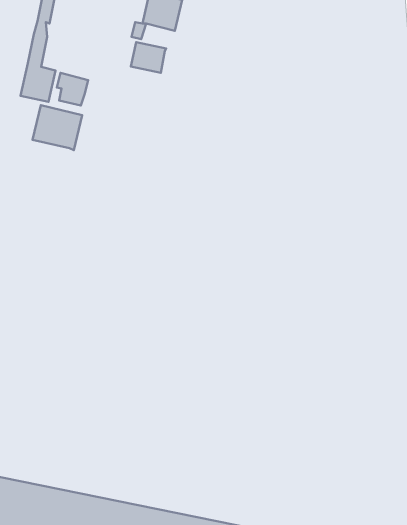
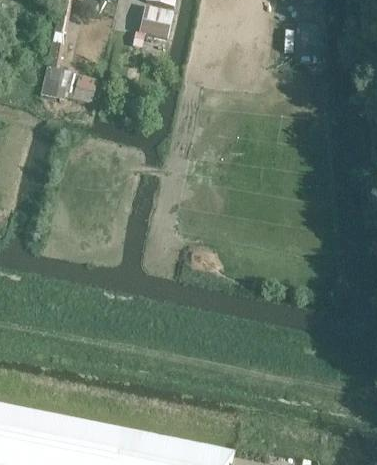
building: [131,42,166,73] -> none
building: [33,105,82,150] -> none

